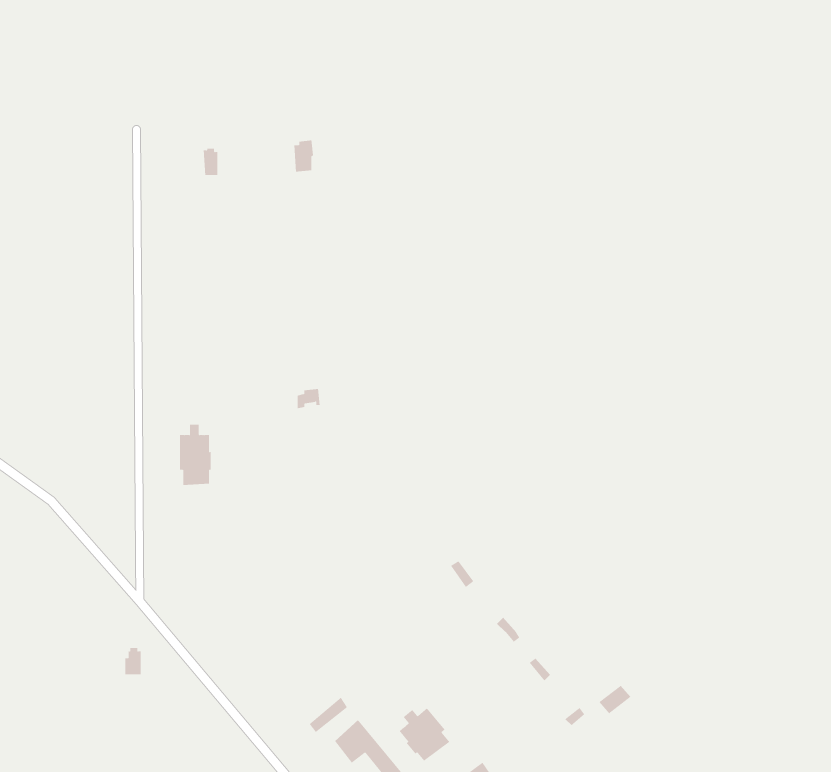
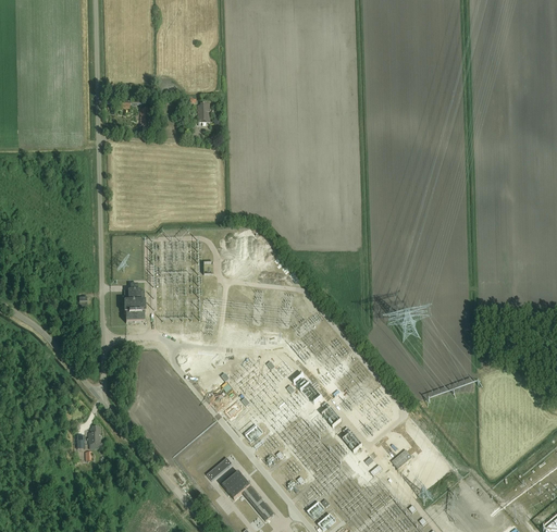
building: [399,708,450,762] -> none

